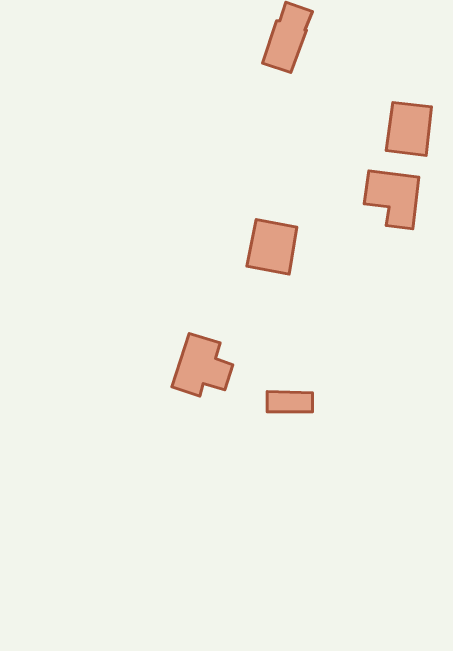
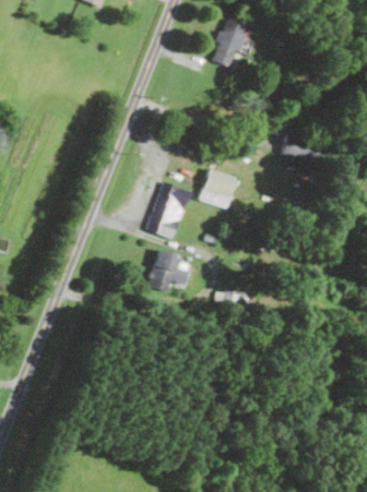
building: [386,102,432,155] -> none
building: none -> [147,182,189,239]

